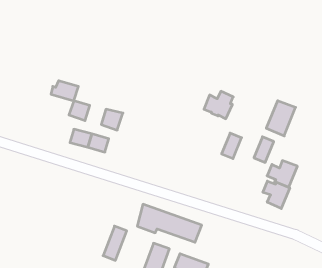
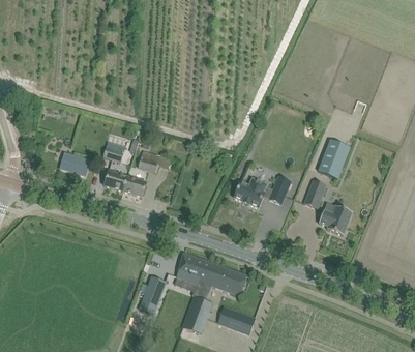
building: [51,81,78,101] -> [59,154,89,176]
building: [204,91,233,119] -> [233,178,265,208]
building: [263,181,290,209] -> none

